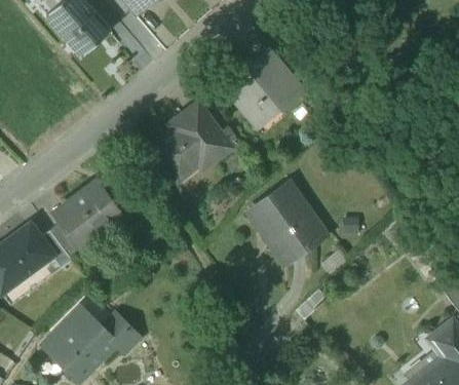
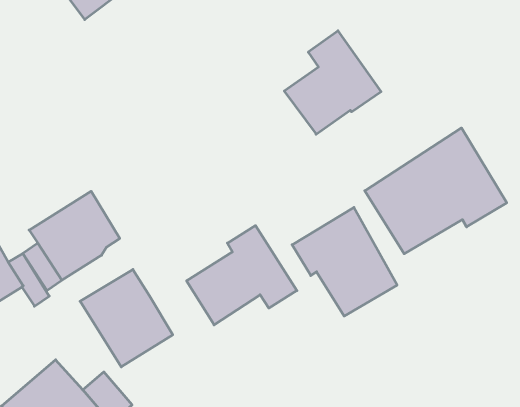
building: [151,103,232,178] -> [187,226,297,325]
building: none -> [365,128,507,254]
building: none -> [80,269,173,367]

